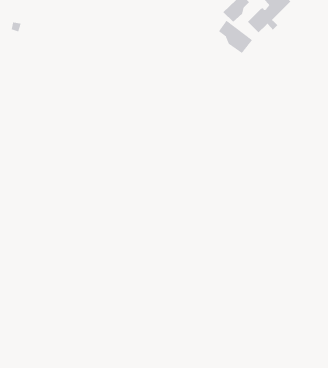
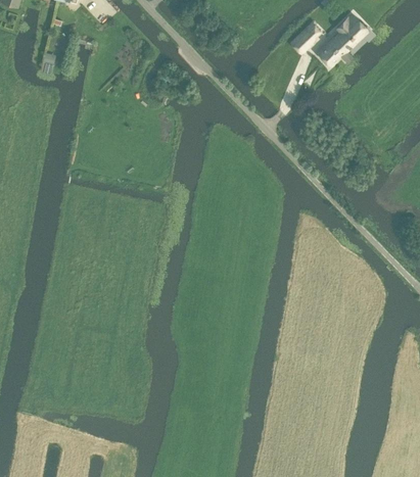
building: [218,20,253,54] -> none

